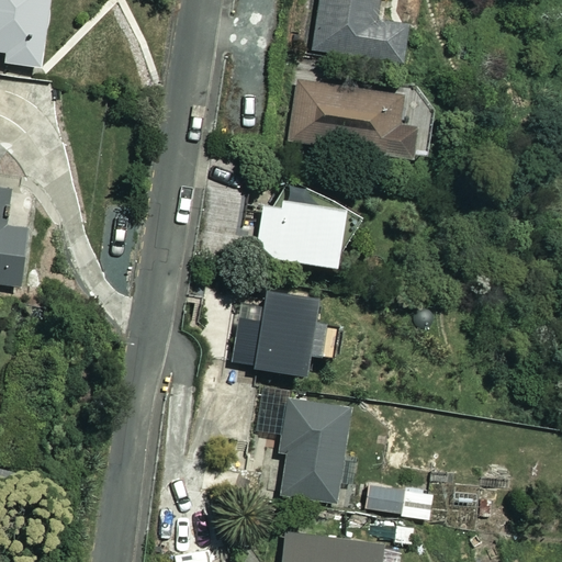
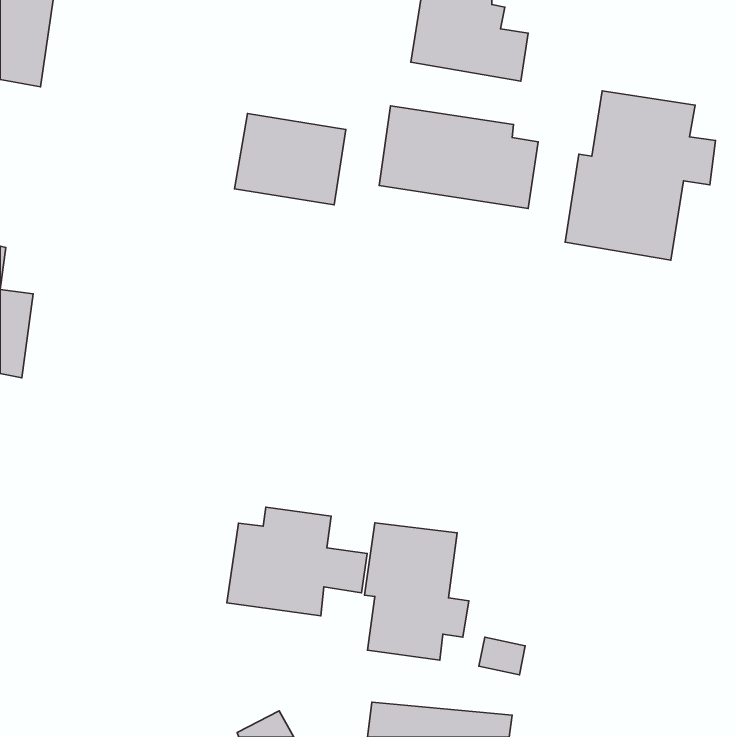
building: none -> [565,91,716,260]
building: [251,198,336,267] -> [234,114,346,205]
building: [232,292,338,374] -> [227,507,367,616]

